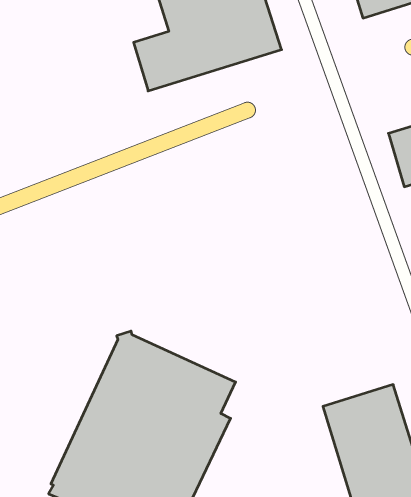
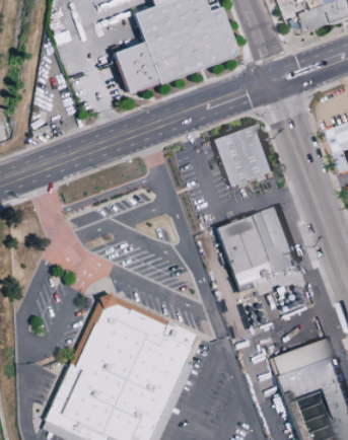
building: none -> [213,125,273,187]
building: none -> [217,207,298,286]

